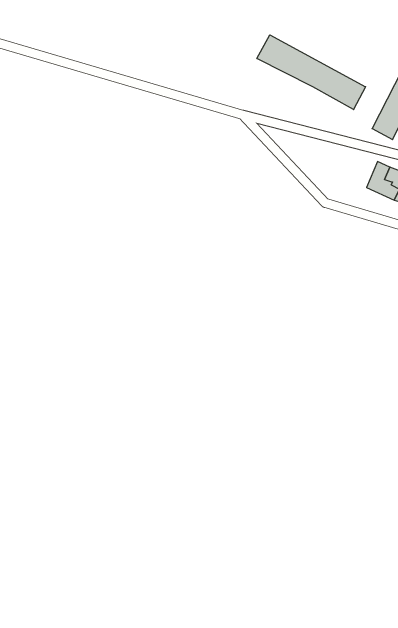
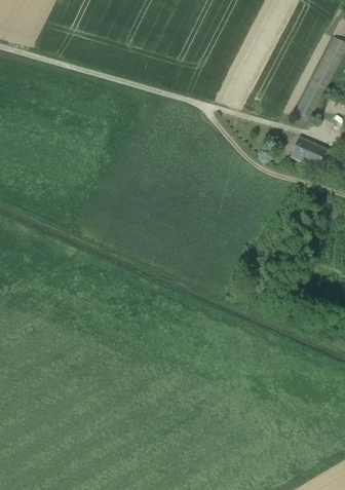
building: [257,35,366,110] -> none

